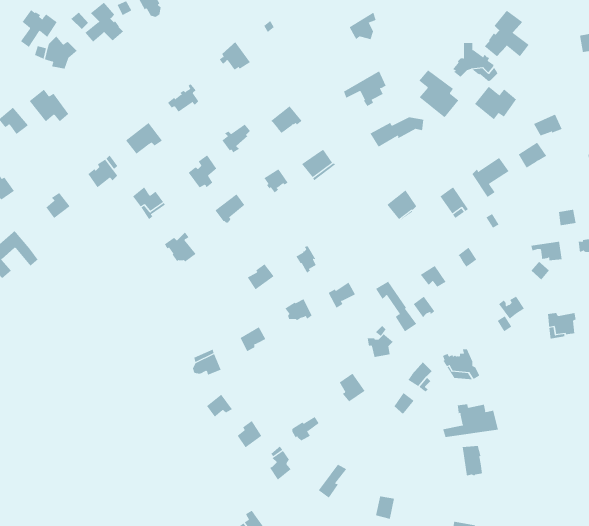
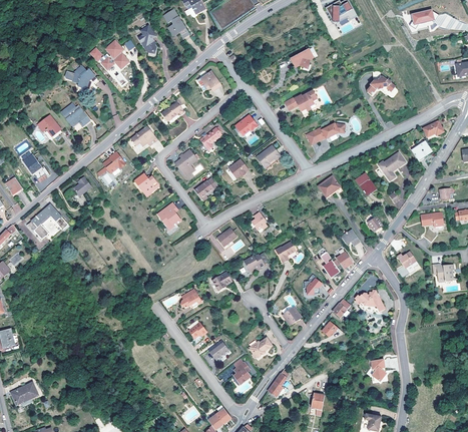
building: [20,9,58,48] -> none
building: [484,10,530,57] -> none
building: [418,70,459,118] -> none
building: [474,86,517,120] -> none
building: [442,403,499,438] -> none

